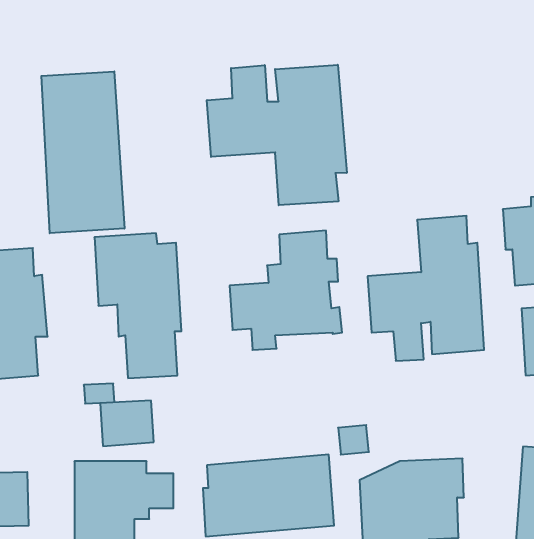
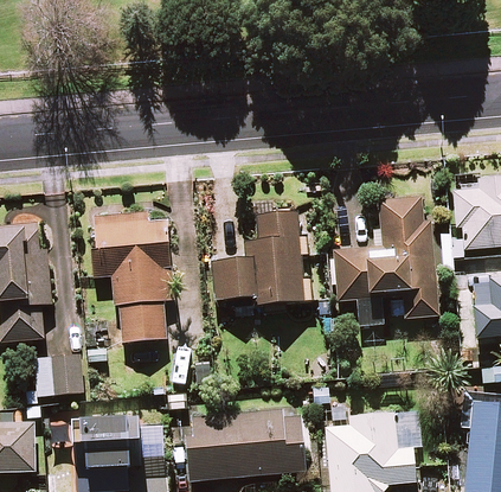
building: [207,65,347,205] -> none
building: [41,71,124,233] -> none
building: [100,401,154,446] -> [36,354,83,395]

